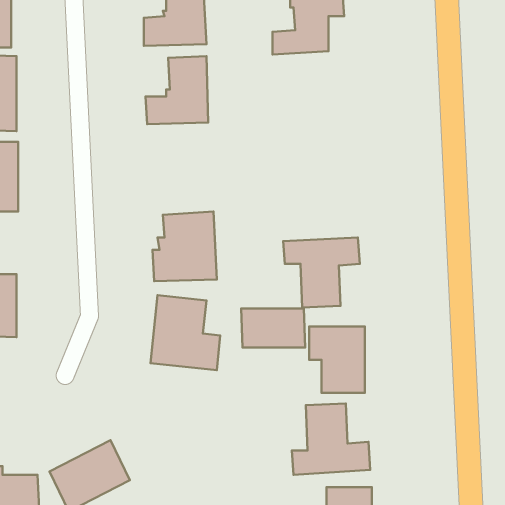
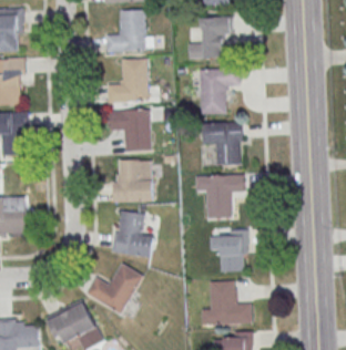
building: none -> [199,65,240,114]
building: none -> [109,109,150,151]
building: none -> [201,121,242,165]
building: [241,308,305,347] -> none
building: none -> [85,262,142,313]

